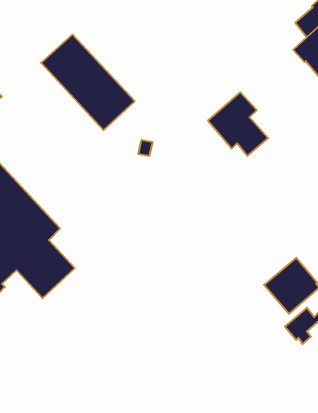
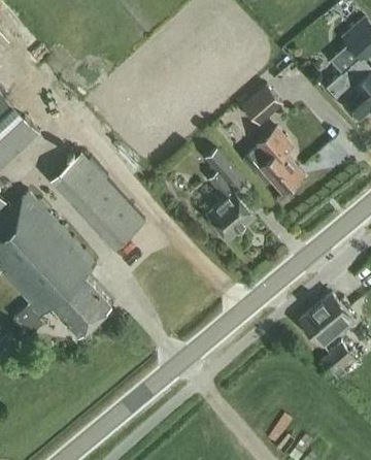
building: [41,35,135,130] -> [54,156,146,251]
building: none -> [242,87,282,126]
building: none -> [206,147,256,239]

